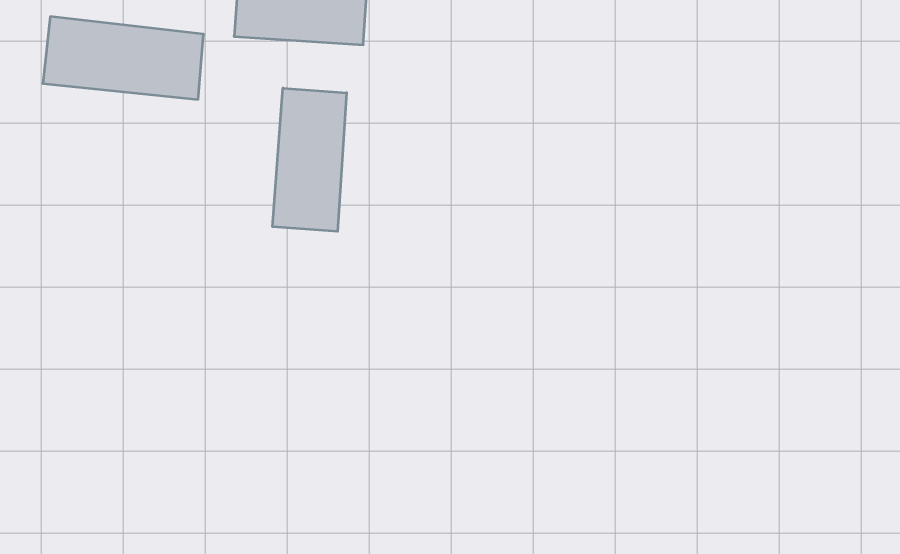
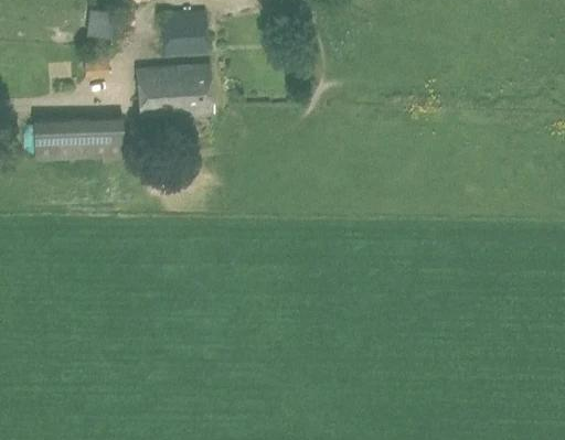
building: [273,88,347,231] -> none

